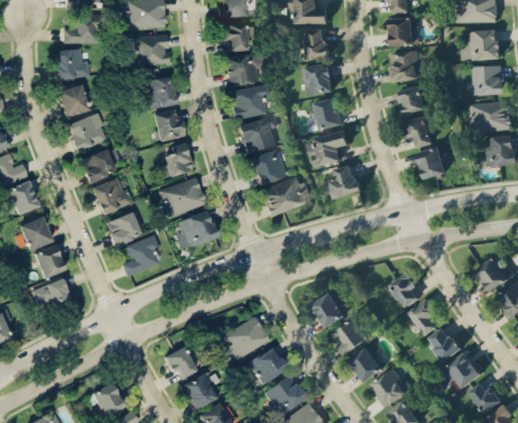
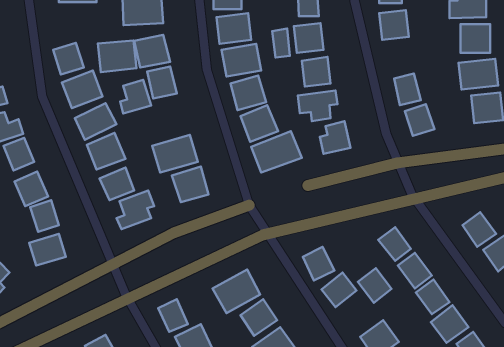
building: [52,49,91,81] -> [98,40,137,72]
building: none -> [272,29,290,58]
building: [397,86,426,115] -> none
building: [160,144,191,178] -> [120,80,151,114]
building: [348,347,382,383] -> [358,268,392,303]

